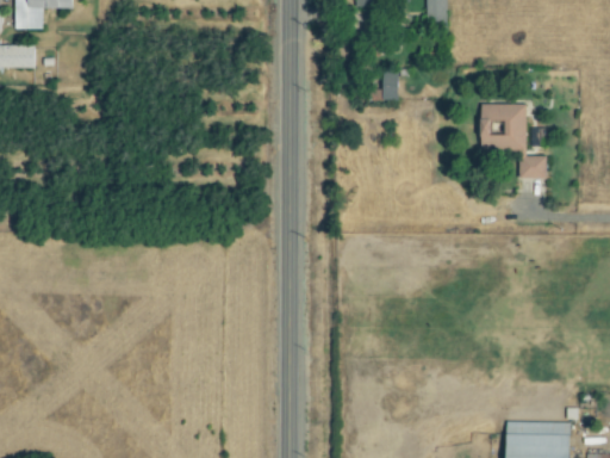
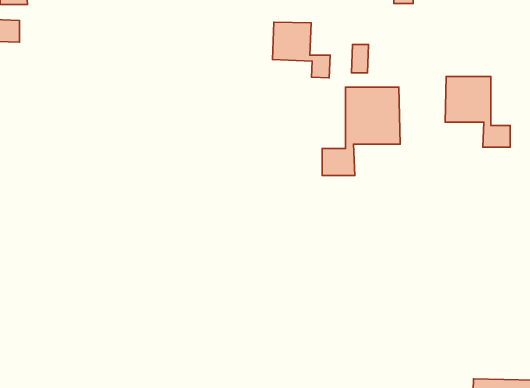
building: none -> [272,22,330,78]
building: none -> [322,87,400,176]

